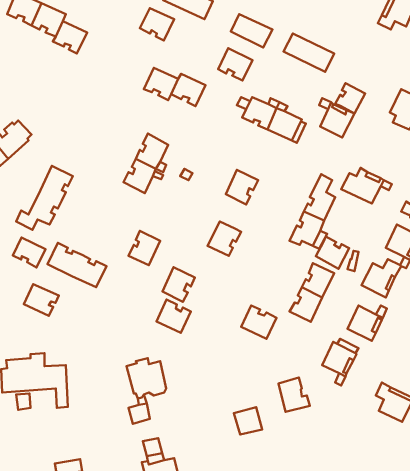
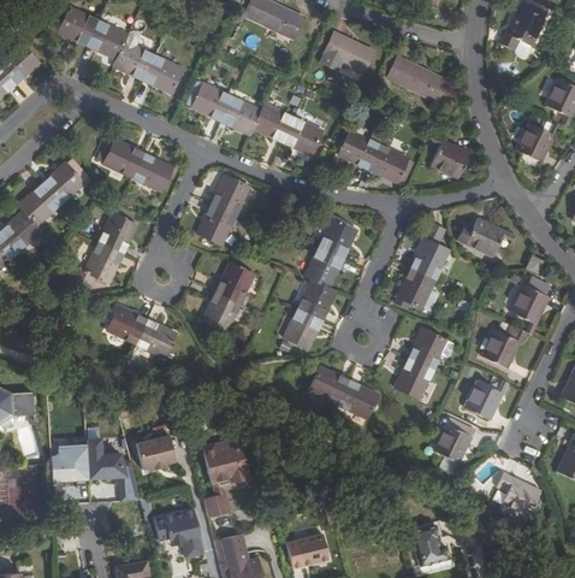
building: [140,8,174,40] -> [192,82,233,120]
building: none -> [142,53,184,92]
building: [218,48,253,80] -> [283,116,324,154]
building: [335,83,365,113] -> none
building: none -> [97,136,173,190]
building: none -> [304,246,343,287]
building: none -> [217,260,255,301]
building: [316,236,349,269] -> none
building: [13,238,46,268] -> none
building: [162,267,195,302] -> [284,307,322,348]
building: [24,284,59,316] -> none
building: [157,299,191,333] -> [308,364,349,403]
building: none -> [135,435,174,468]
building: [279,377,310,412] -> [410,525,447,566]
building: [234,407,262,434] -> [295,535,328,567]
building: none -> [153,508,203,556]

